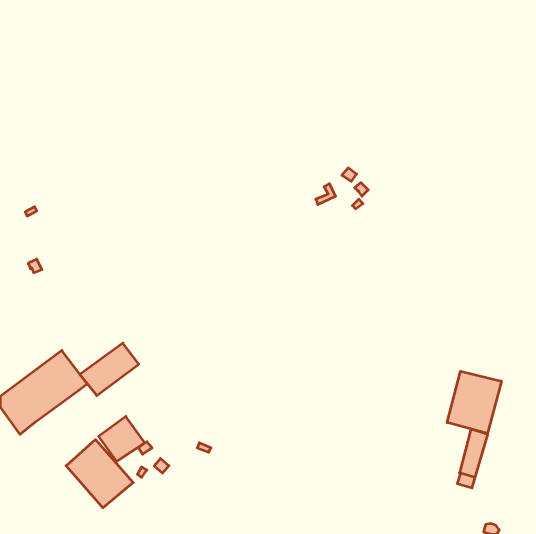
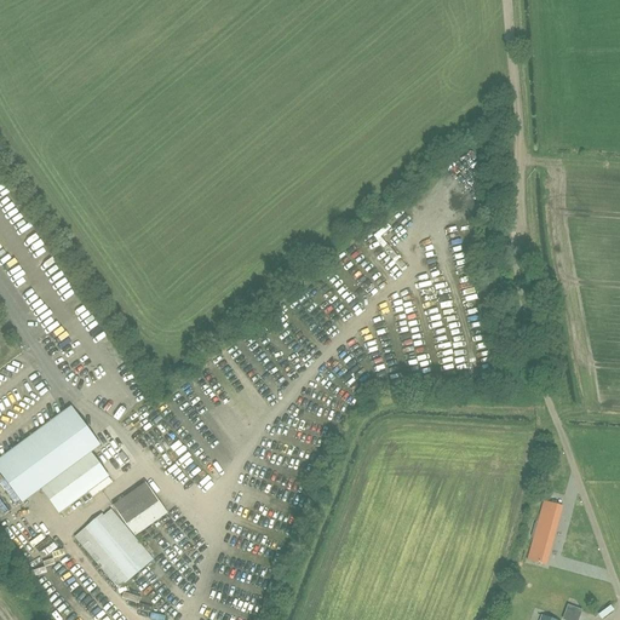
building: [80,343,139,396] -> [41,450,109,511]
building: [447,371,501,434] -> none

